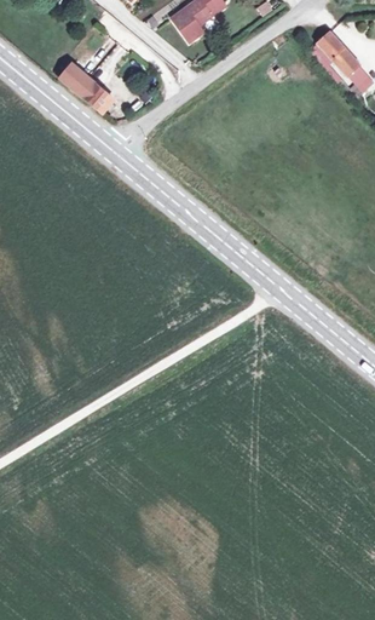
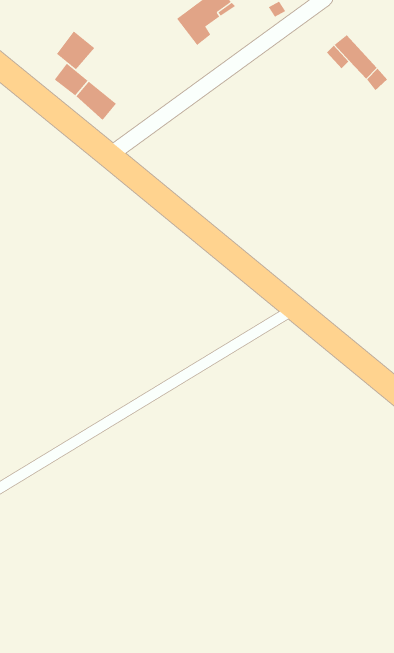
building: none -> [56,30,95,70]

